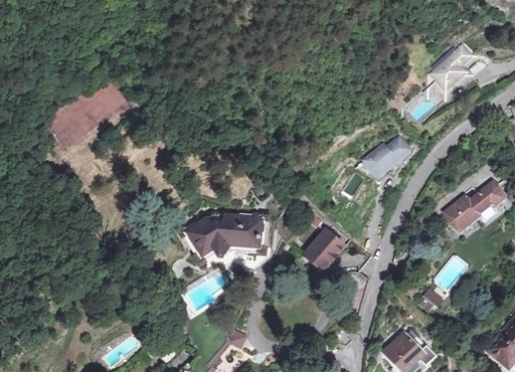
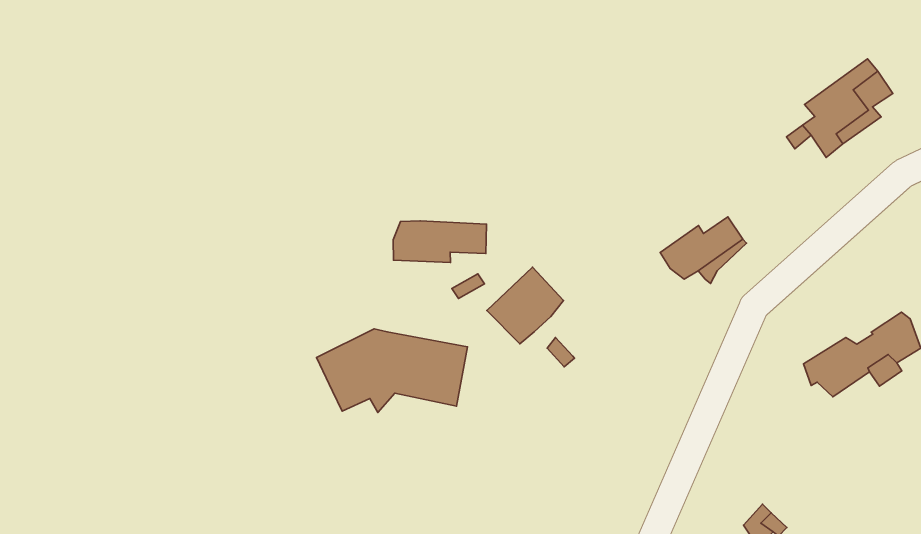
building: none -> [393,221,487,262]
building: [304,228,344,269] -> [487,267,564,344]

